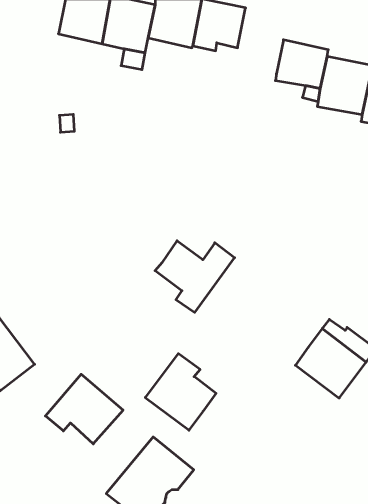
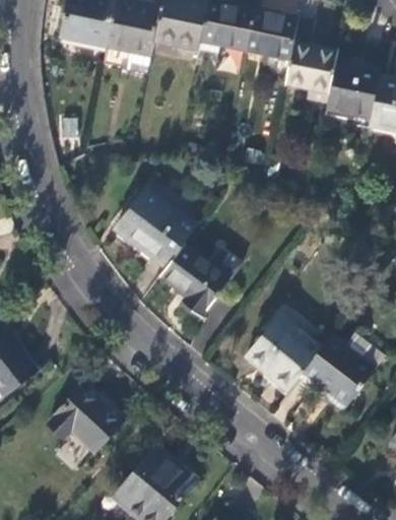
building: none -> [244,9,295,76]
building: none -> [114,190,197,269]
building: [145,354,216,430] -> [244,315,316,393]

